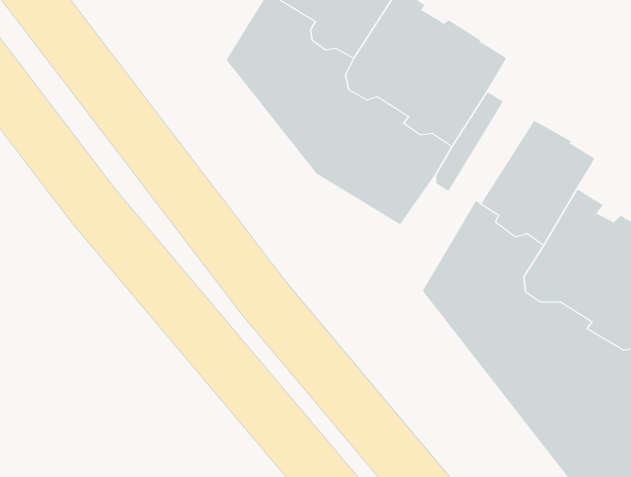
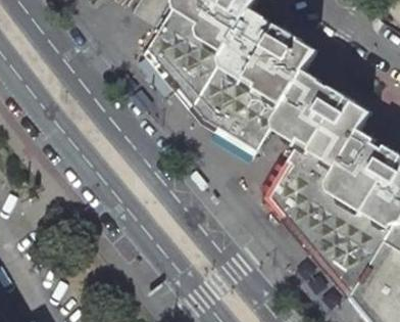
building: none -> [284,77,336,139]

